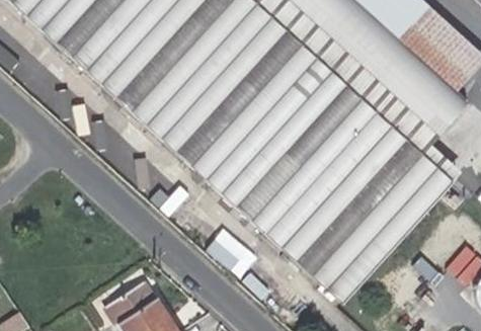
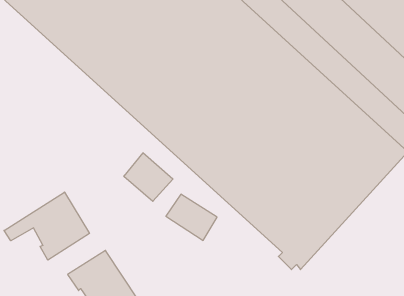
building: none -> [4,192,89,260]

